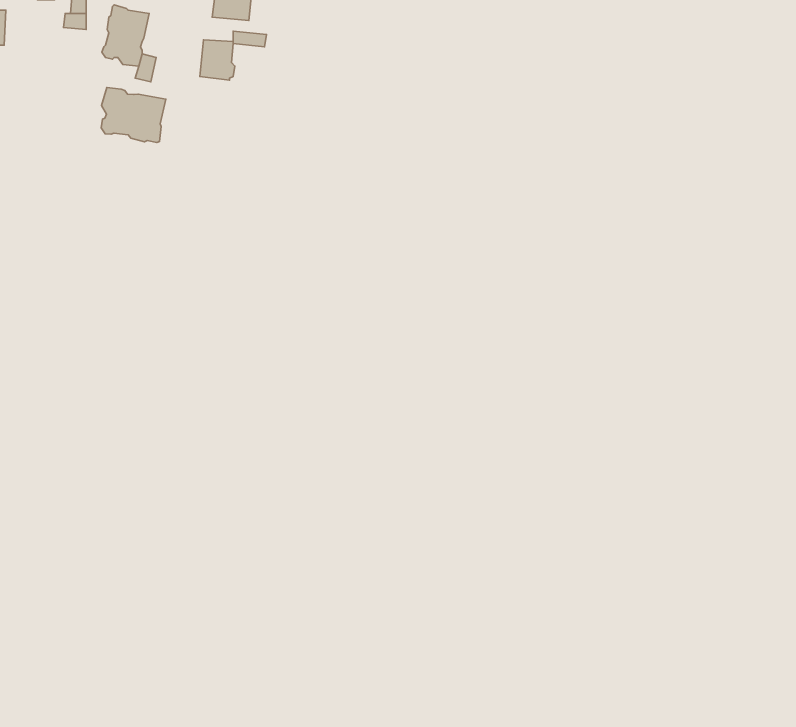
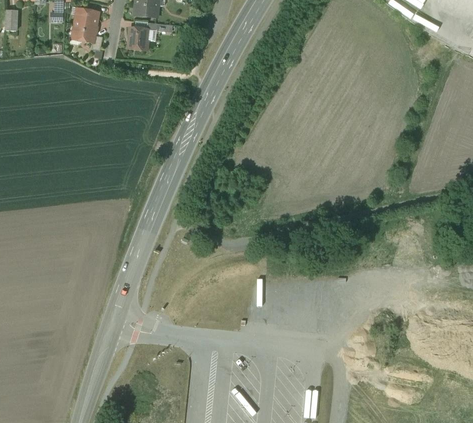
building: [101,87,166,143] -> none

